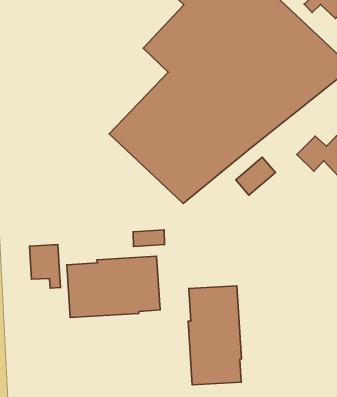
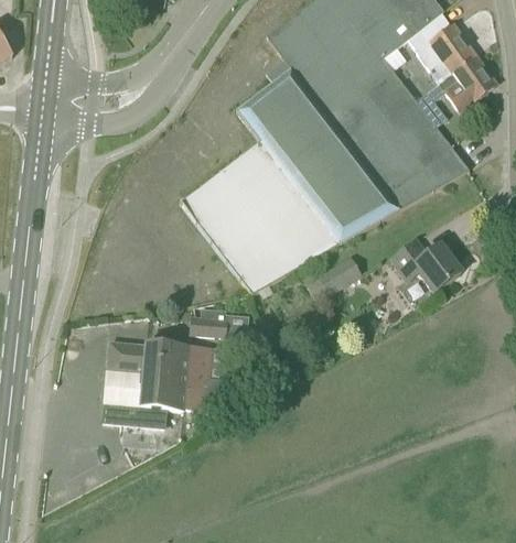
building: [30,245,60,288] -> none
building: [188,286,242,385] -> none

